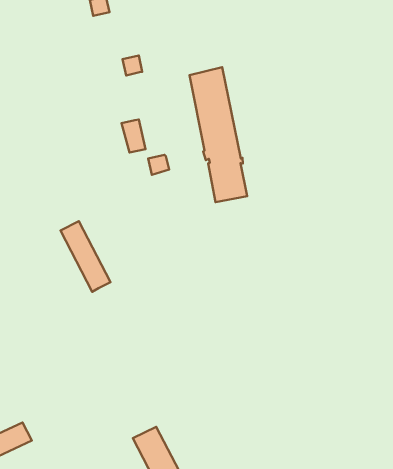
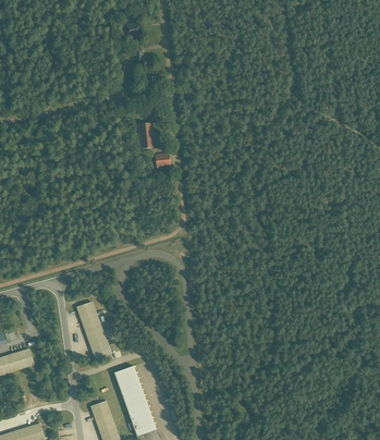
building: [189,67,247,202] -> none
building: [61,221,110,292] -> [76,302,110,358]

